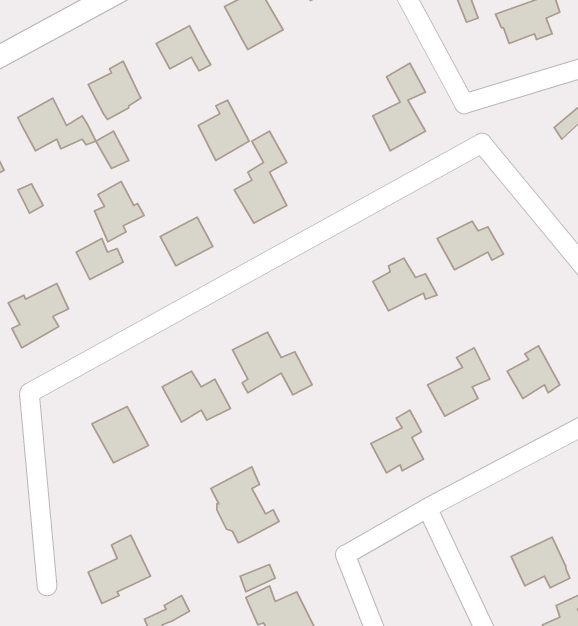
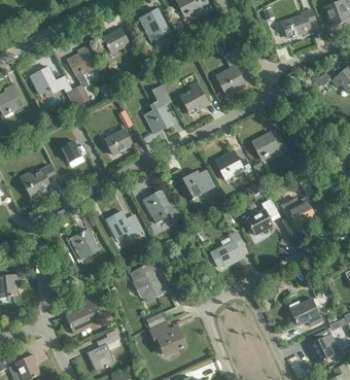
building: [198,100,249,161] -> [181,82,208,114]
building: [94,181,144,242] -> none
building: none -> [181,171,215,200]

